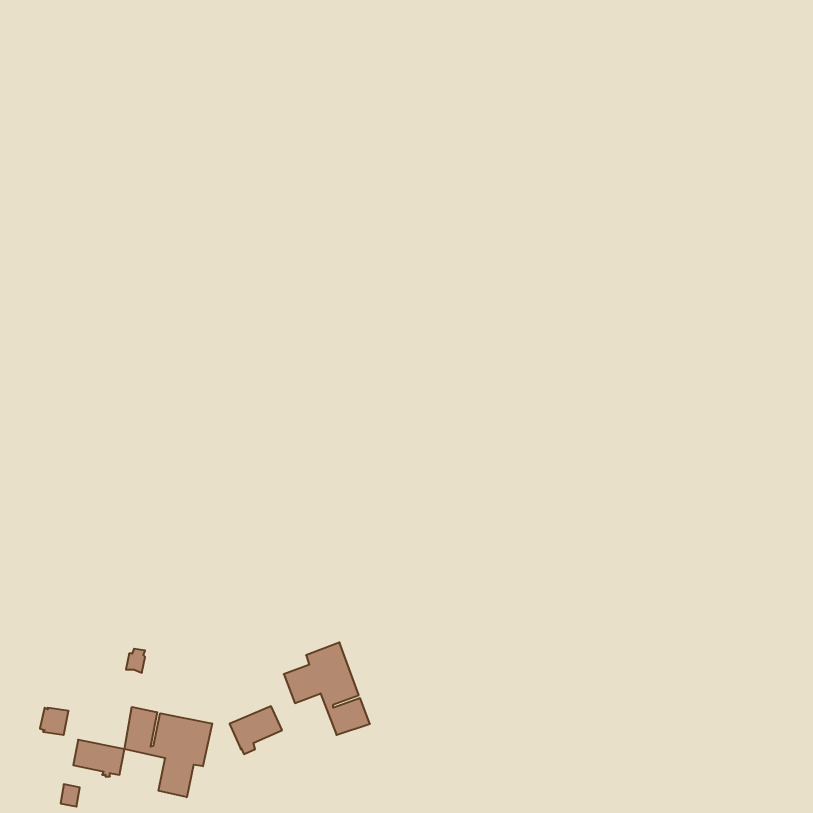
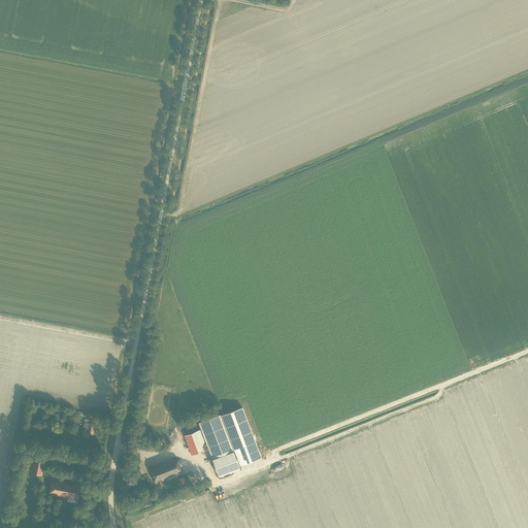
building: none -> [220,408,260,466]
building: [124,707,212,797] -> none

